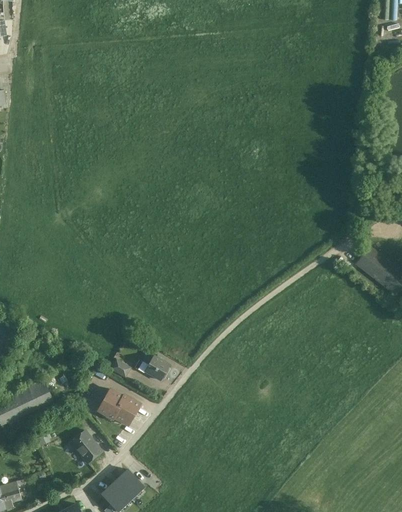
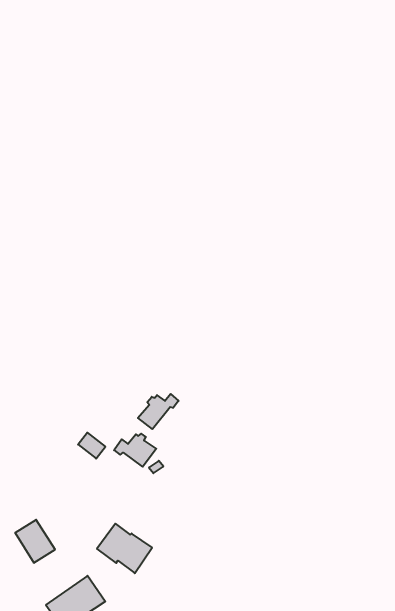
building: none -> [138,394,179,429]
building: [98,390,140,426] -> [97,524,152,573]

